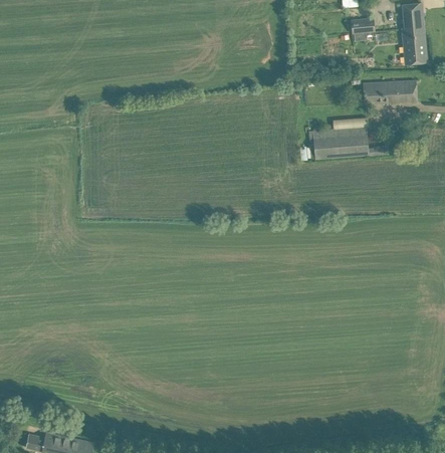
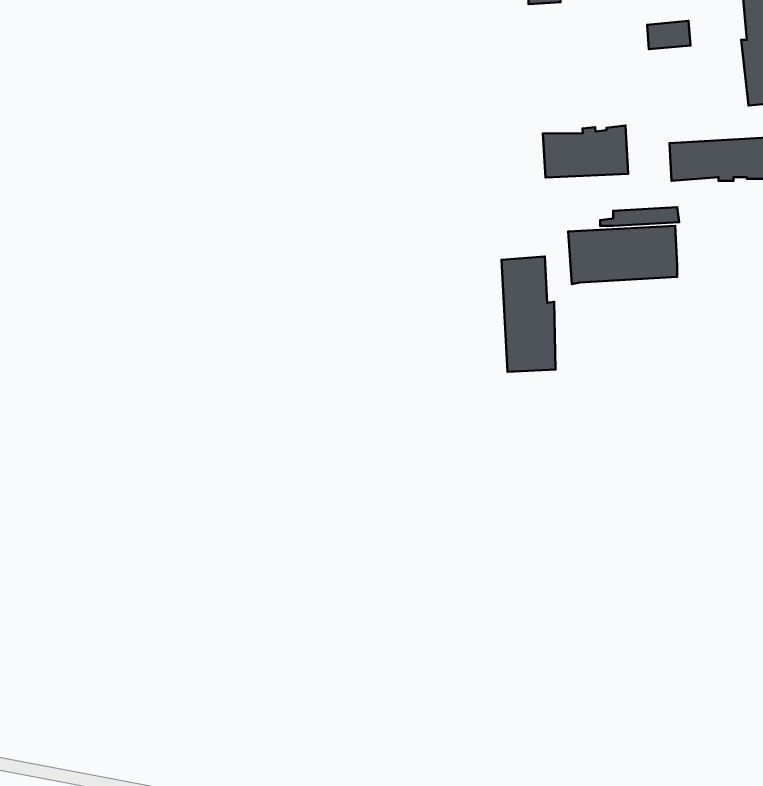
building: none -> [543,125,628,177]
building: none -> [502,256,555,372]

